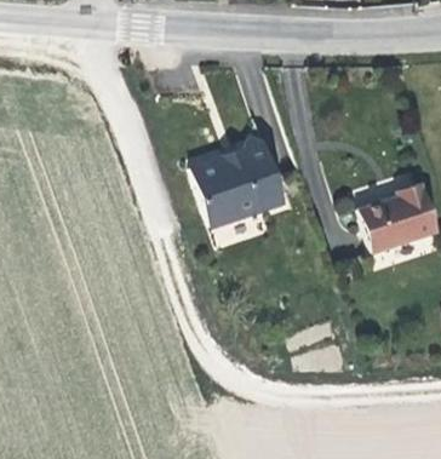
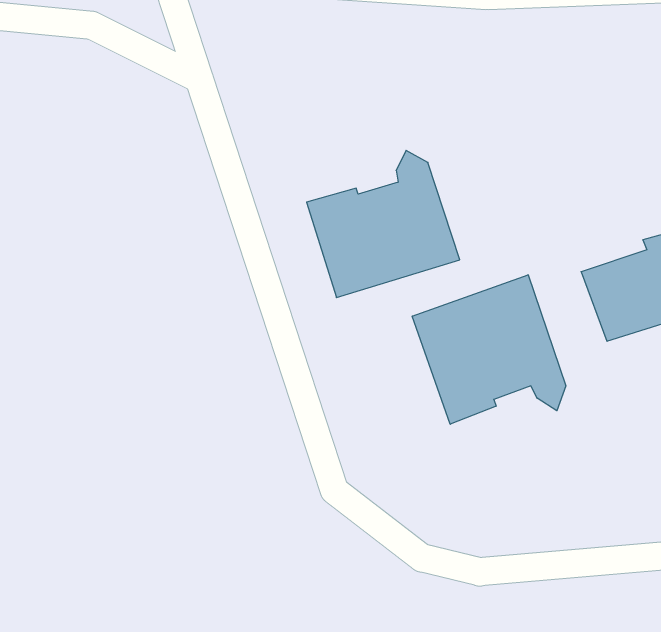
building: none -> [412,275,566,424]

